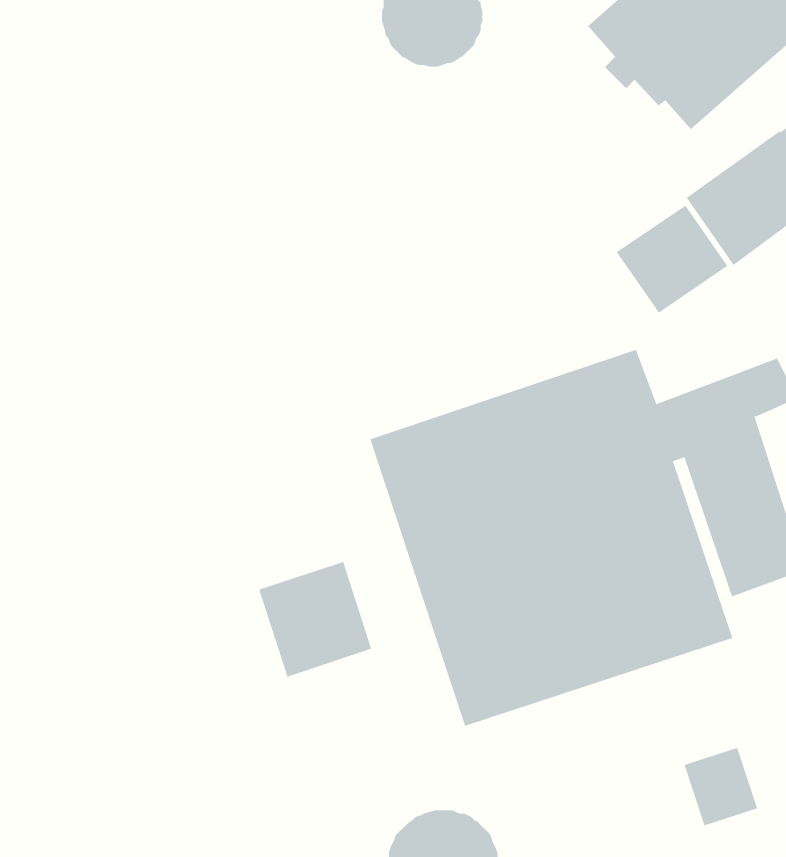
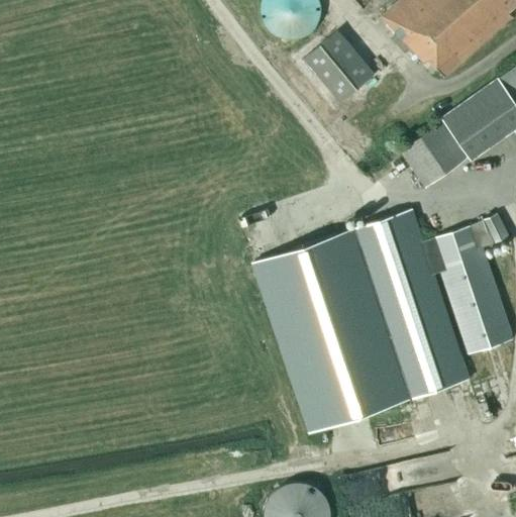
building: none -> [303,31,375,105]
building: [258,561,372,677] -> none
building: [684,747,758,826] -> none

